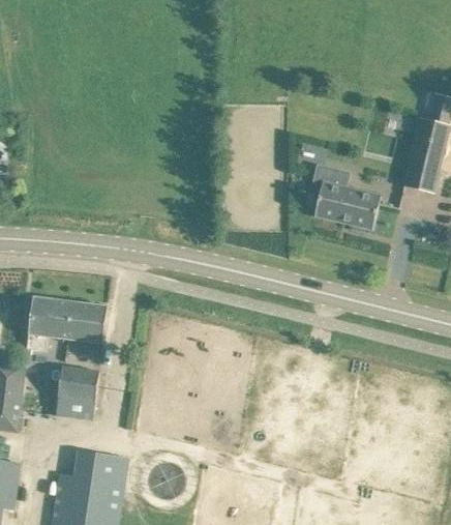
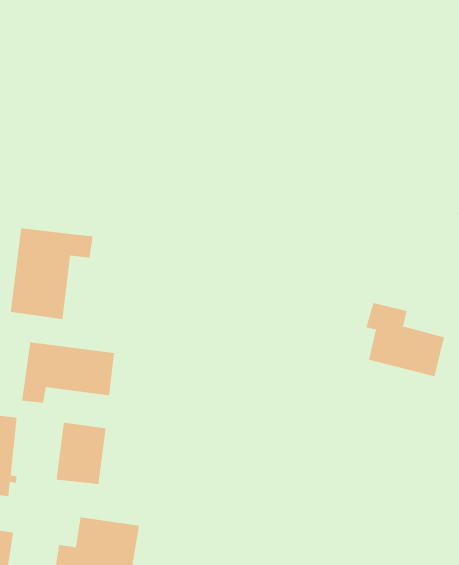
building: [311,166,380,230] -> [366,302,445,377]
building: none -> [10,228,93,320]

